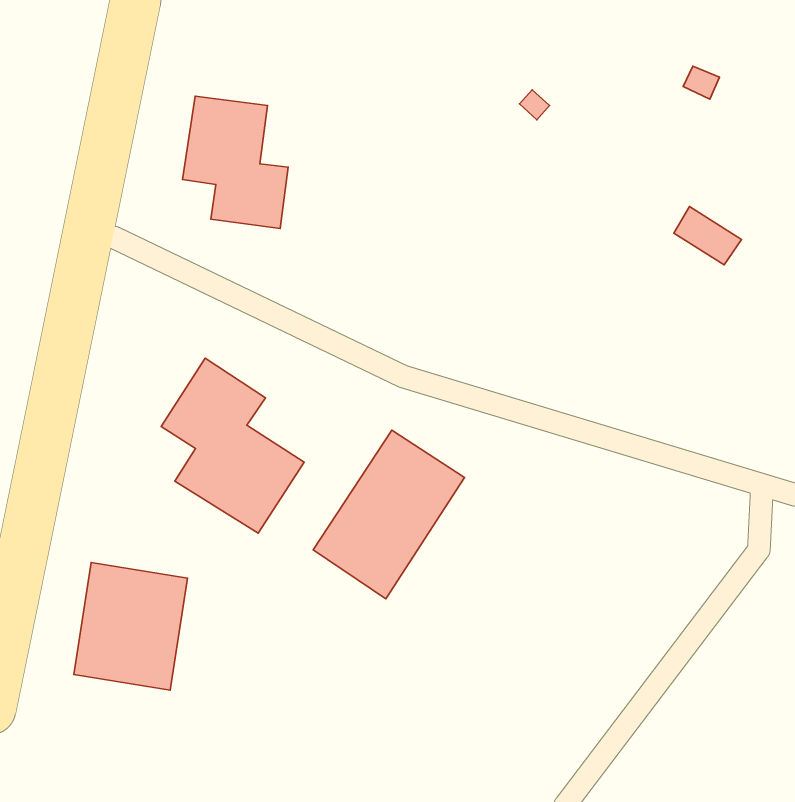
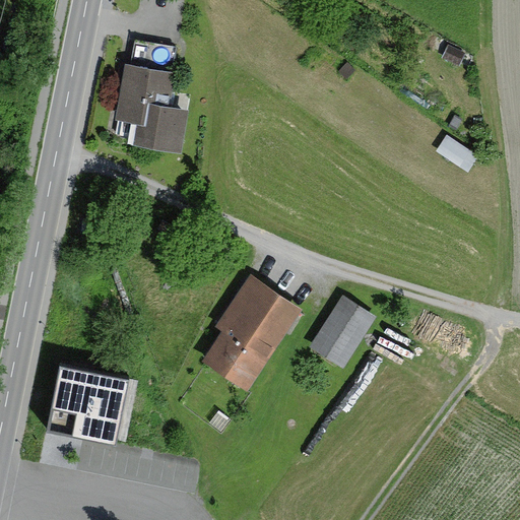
building: [161,358,304,533] -> none
building: none -> [312,297,376,367]

